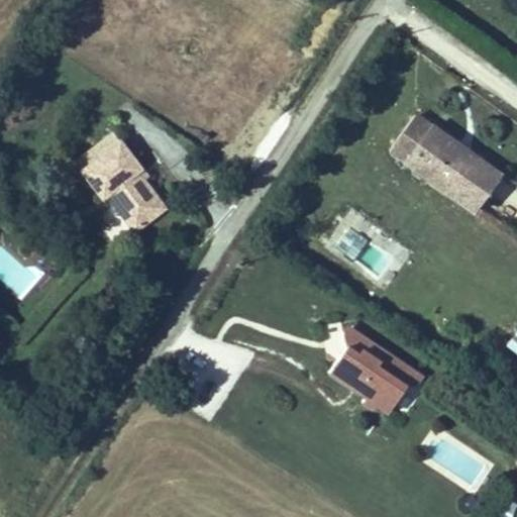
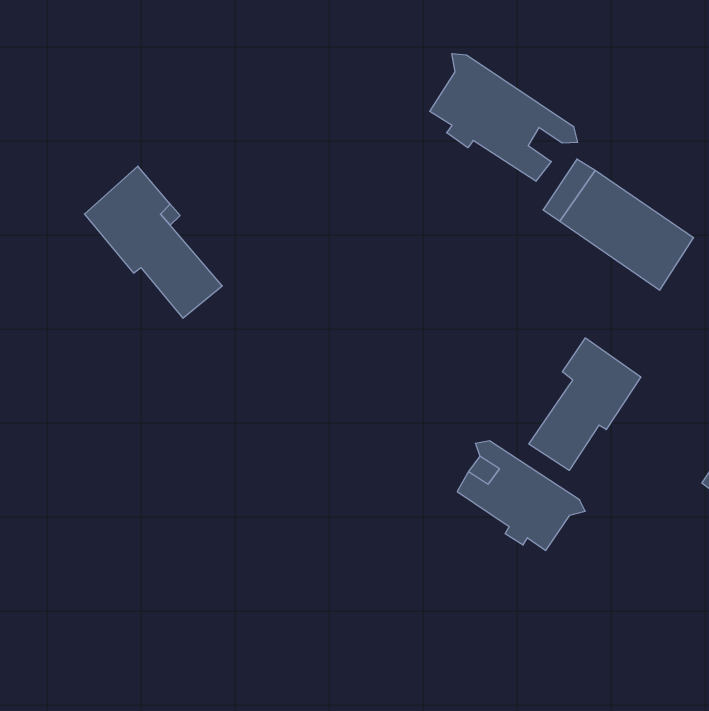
building: none -> [430,54,578,181]
building: none -> [529,338,641,470]

